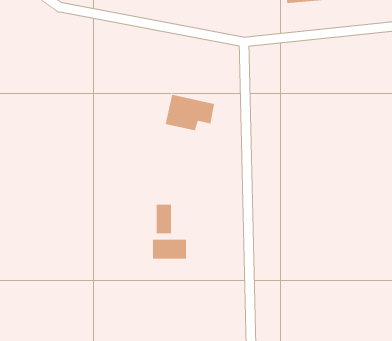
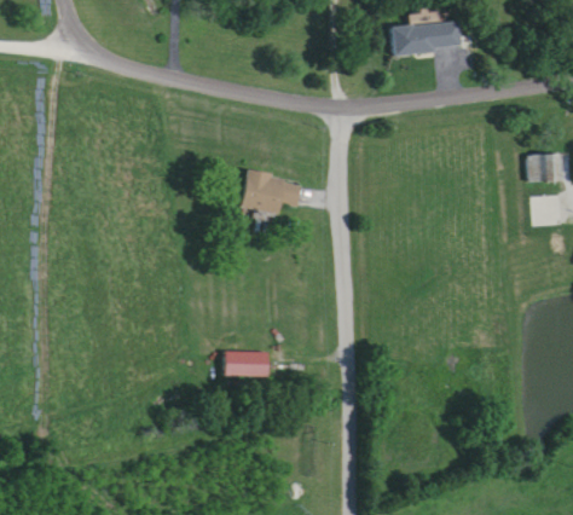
building: [156,204,172,234] -> none

